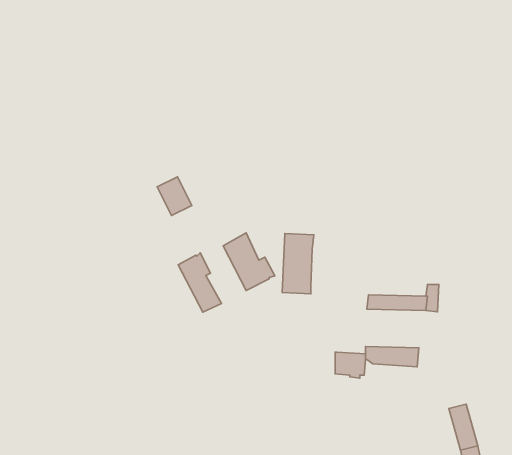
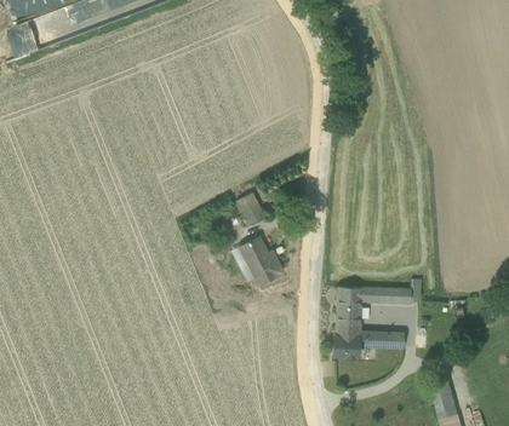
building: [157,177,192,216] -> [235,192,264,225]
building: [282,233,314,294] -> [334,287,361,338]
building: [178,253,221,312] -> none

